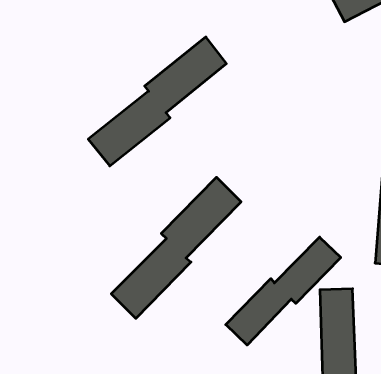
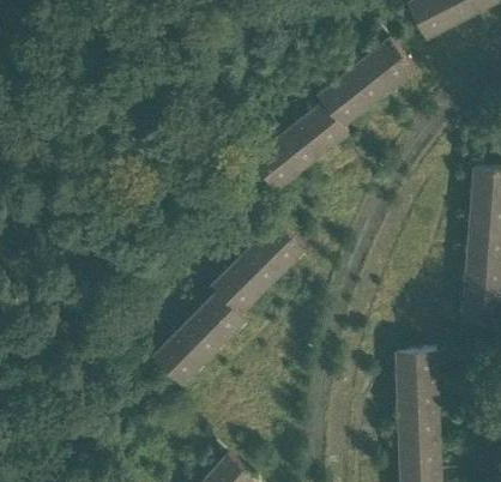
building: [88,37,226,166] -> [252,38,414,189]
building: [226,237,341,345] -> none

